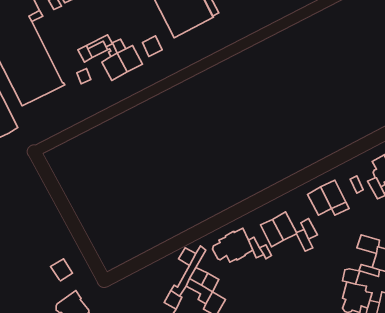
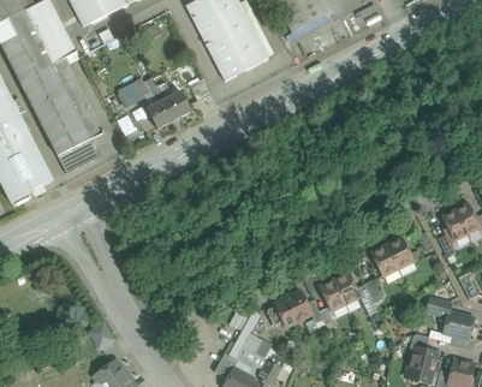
building: none -> [58,139,99,173]

